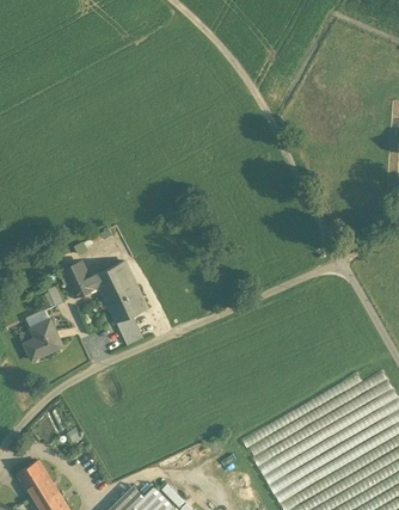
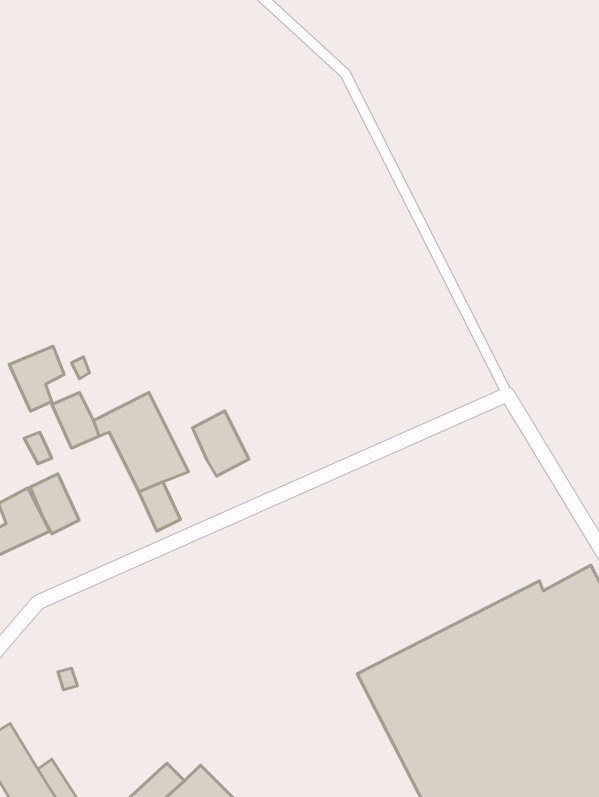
building: none -> [9,346,64,411]
building: none -> [193,411,249,476]
building: none -> [30,474,79,534]

